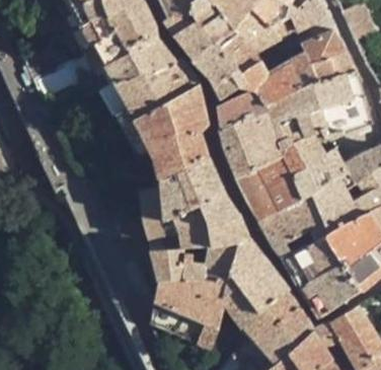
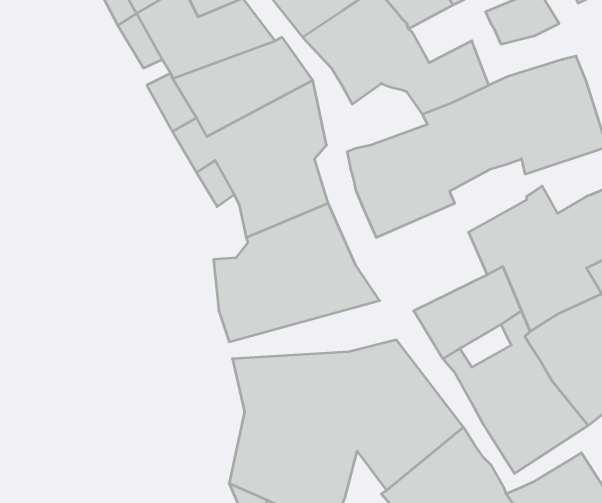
building: [294,50,356,86] -> none
building: [218,89,268,126] -> none
building: [237,133,326,220] -> none
building: [150,214,249,248] -> none

